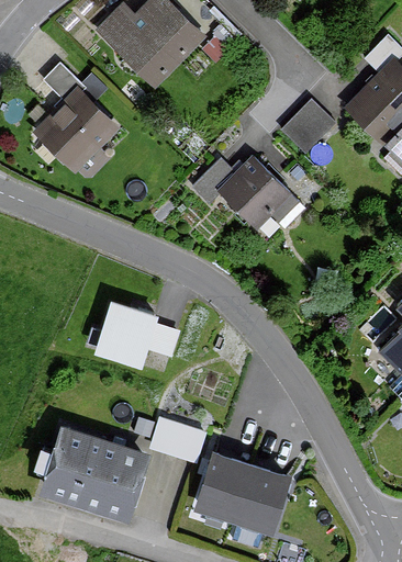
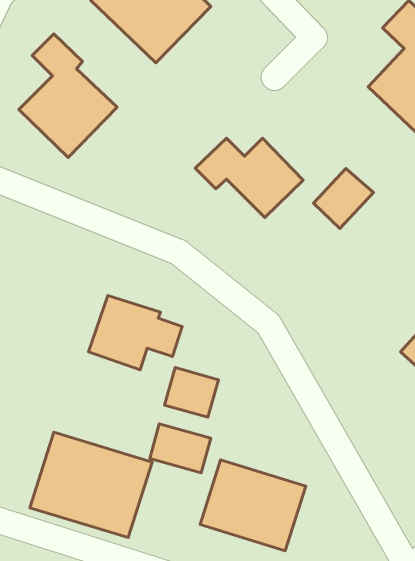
building: [280,97,335,151] -> [313,168,373,228]
building: none -> [165,368,218,417]

